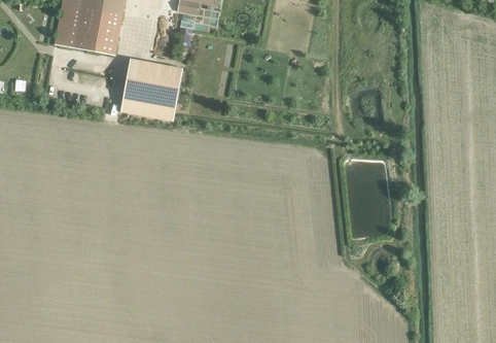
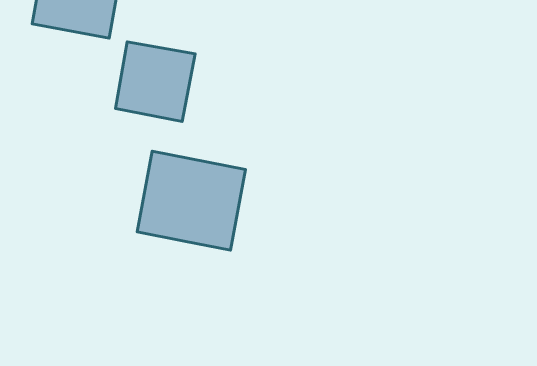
building: none -> [137,151,245,250]

